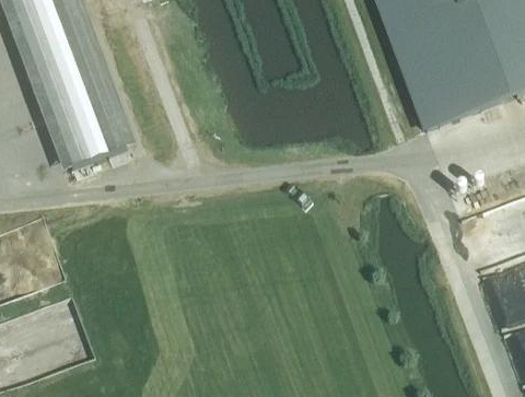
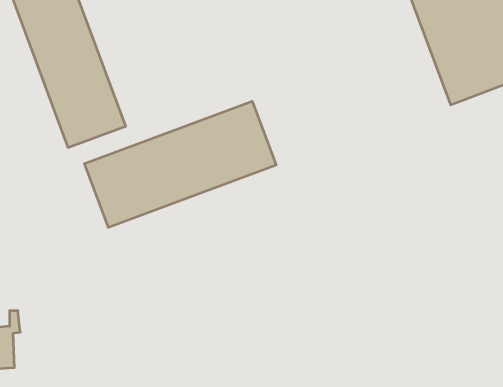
building: none -> [84,101,276,227]

